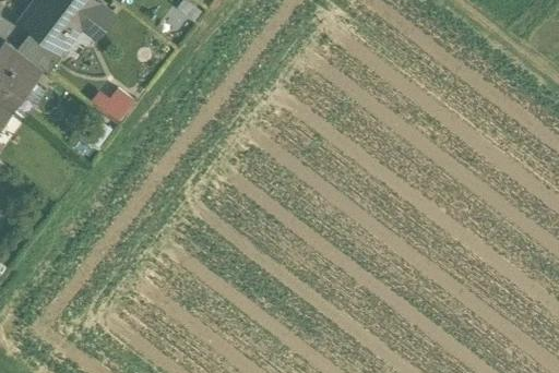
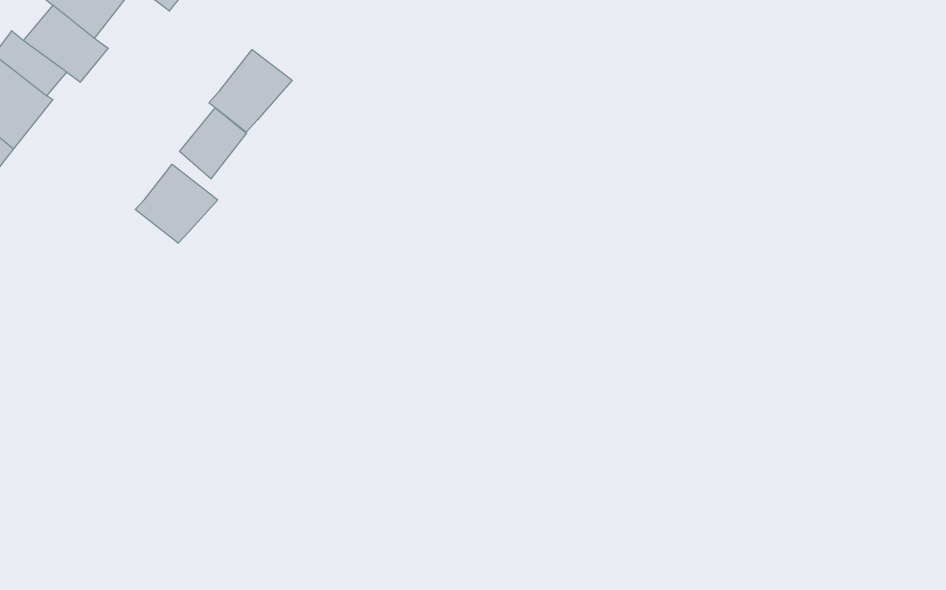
building: none -> [209,50,292,132]
building: none -> [135,164,218,243]

